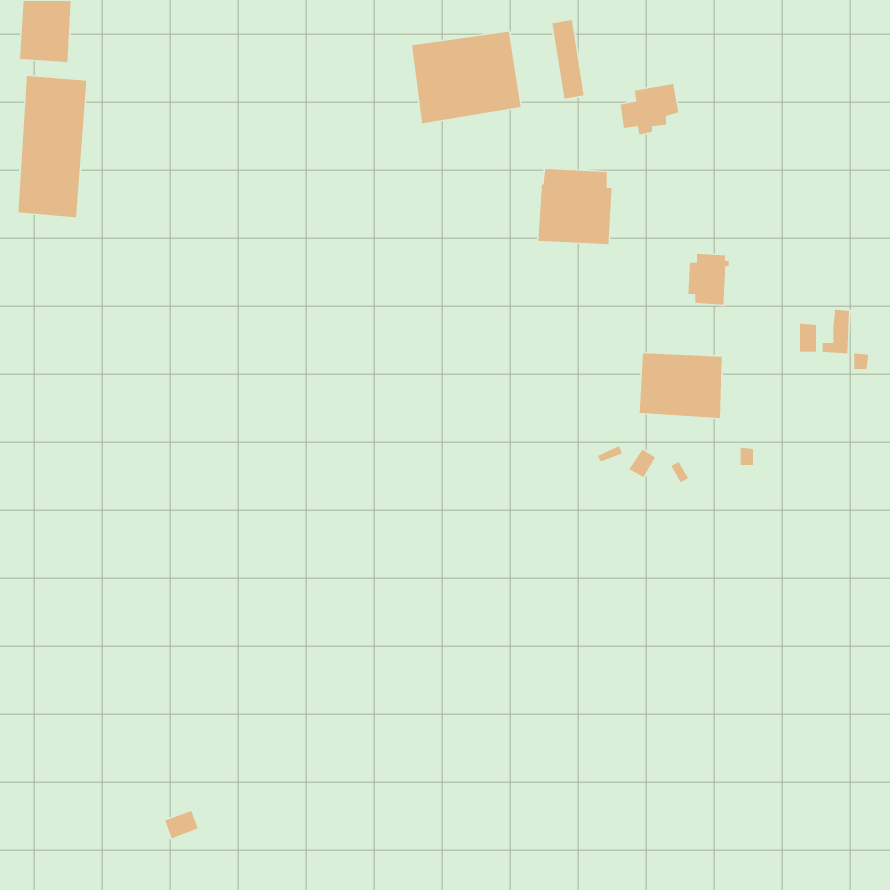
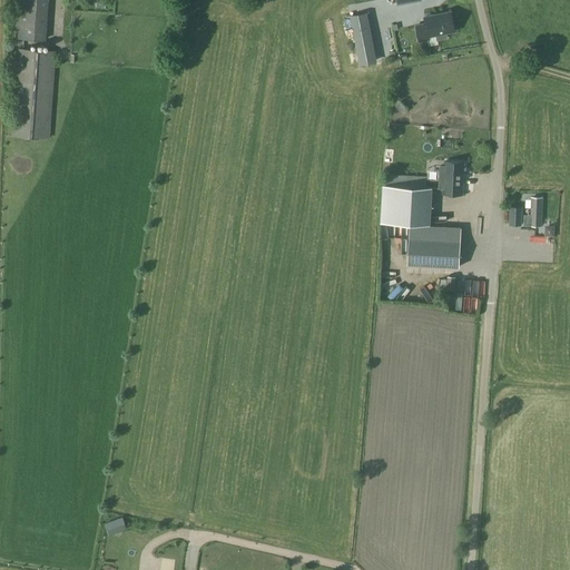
building: [411,31,522,124] -> none
building: [620,83,679,136] -> [417,13,455,47]
building: [538,168,613,245] -> [382,176,430,225]

